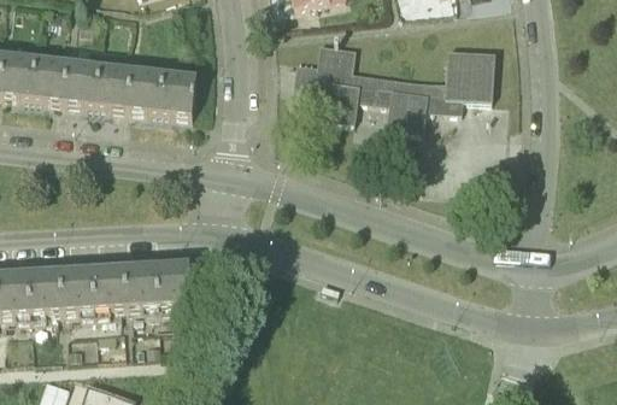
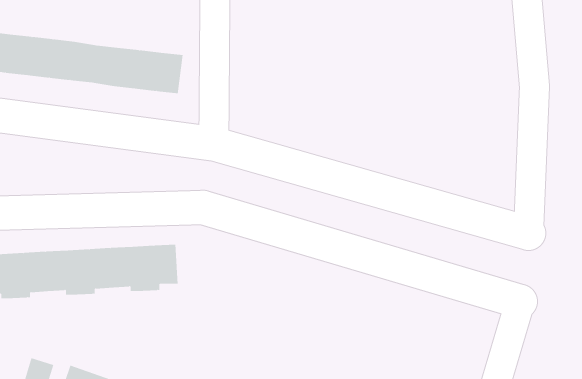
building: [312,36,494,129] -> none

